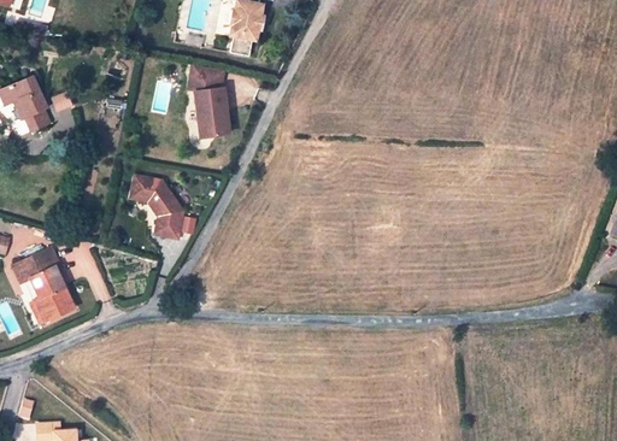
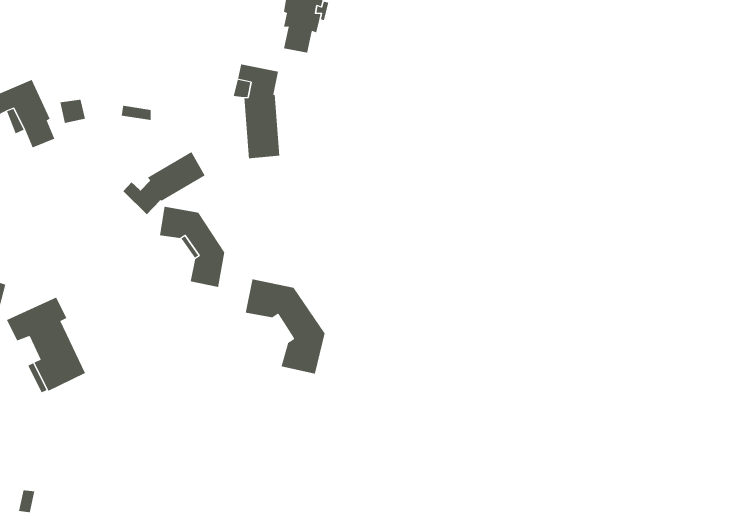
building: none -> [122,151,205,215]
building: none -> [245,279,325,375]

